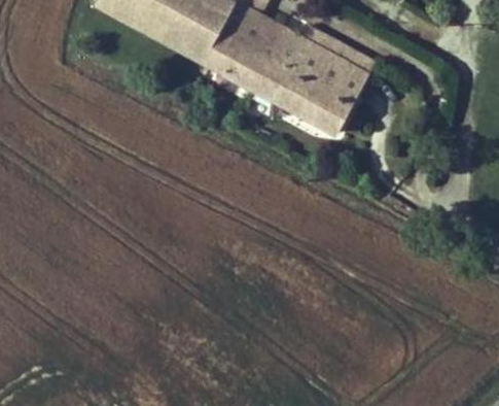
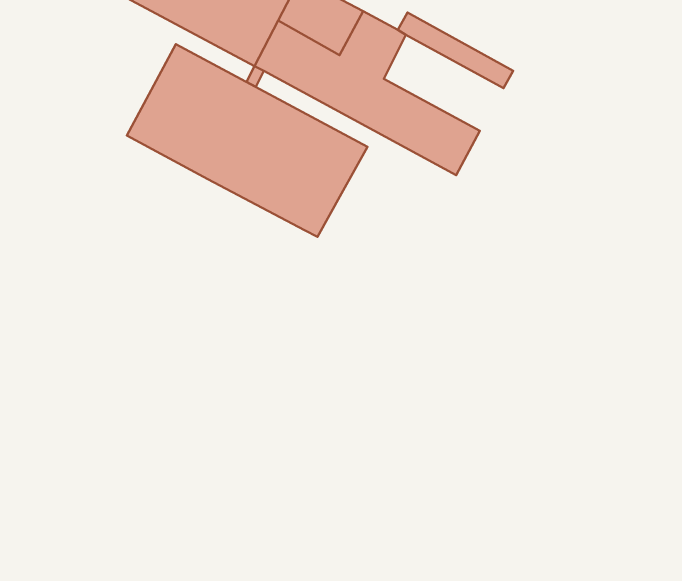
building: [291,40,369,103] -> none
building: none -> [127,44,368,237]

